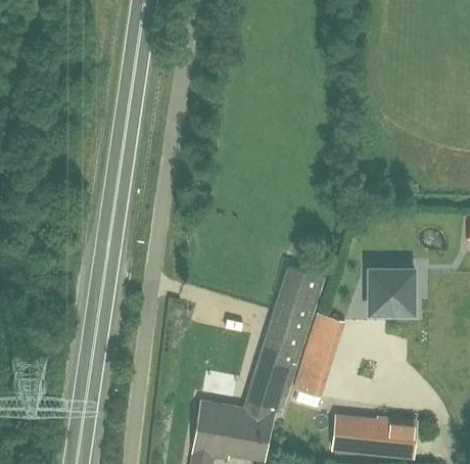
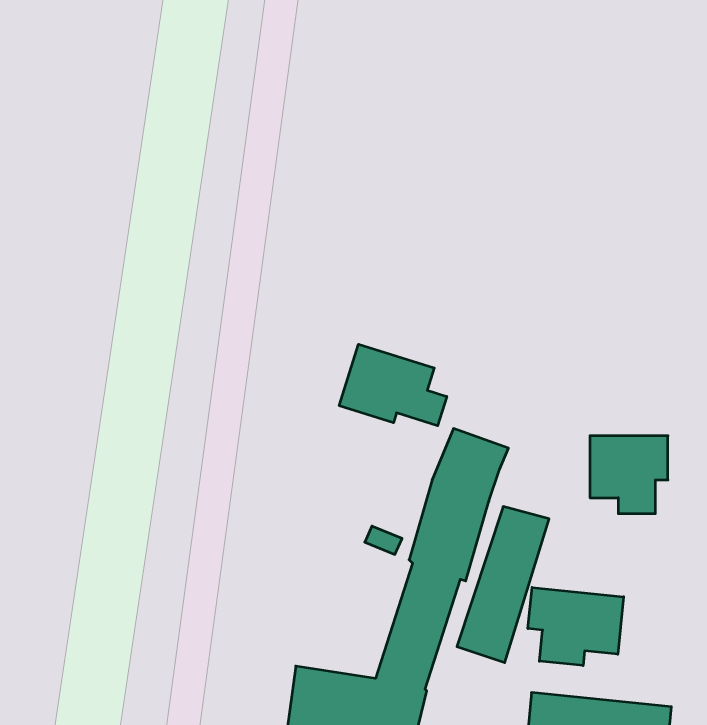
building: none -> [339,344,447,426]
building: none -> [528,587,624,666]

